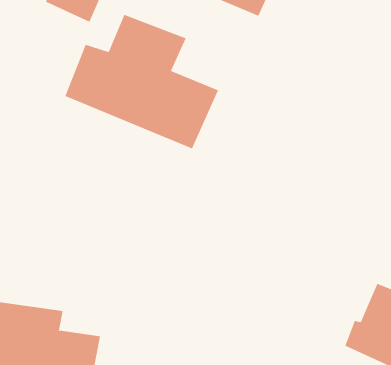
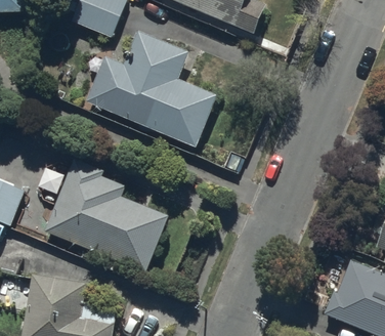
building: none -> [44,158,168,269]

